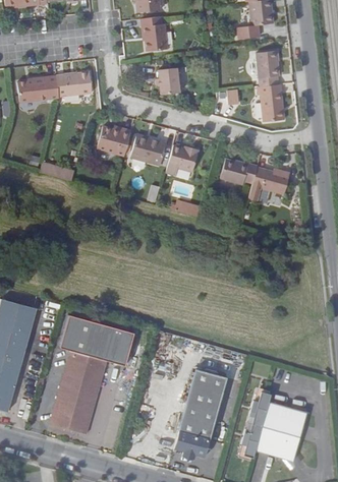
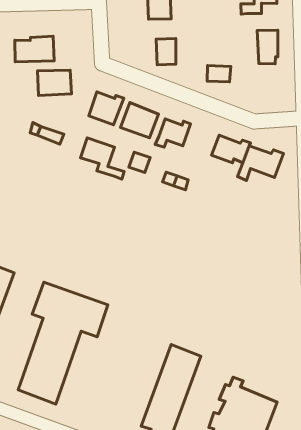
building: [56,69,92,97] -> [37,70,71,95]
building: [260,81,286,121] -> none
building: none -> [80,138,124,179]

